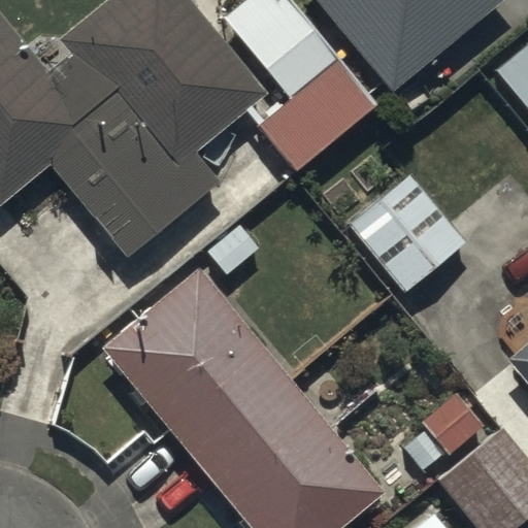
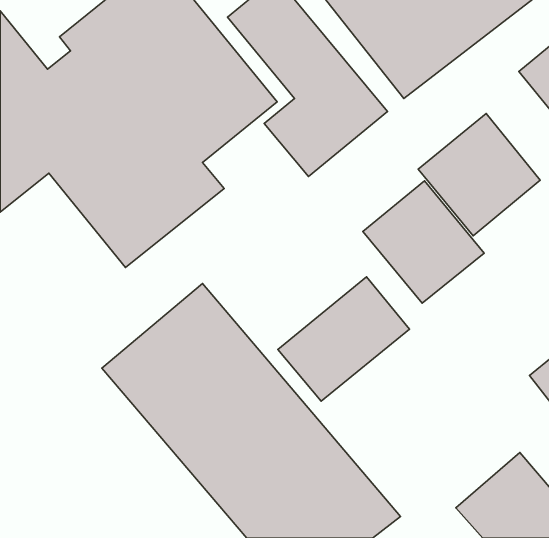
building: none -> [418,113,540,236]
building: none -> [278,277,410,401]

